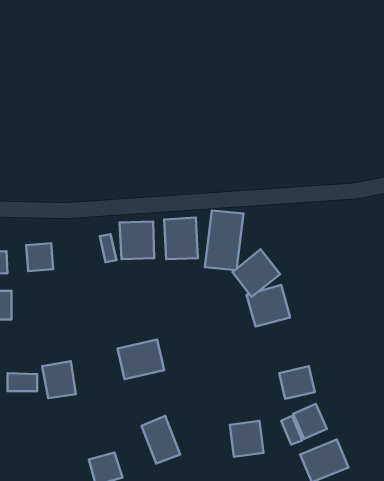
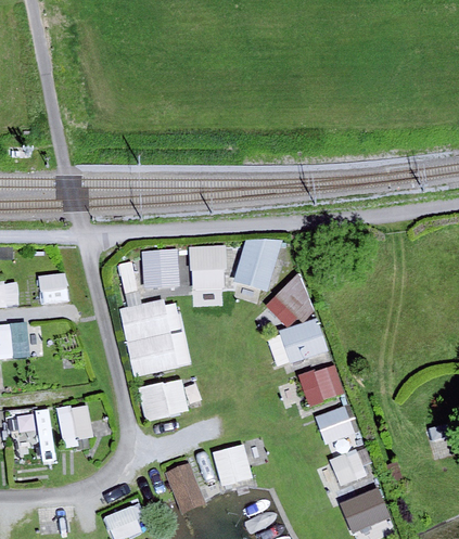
building: none -> [123,300,187,374]
building: none -> [298,364,344,408]
building: [230,421,263,457] -> [214,446,251,485]

